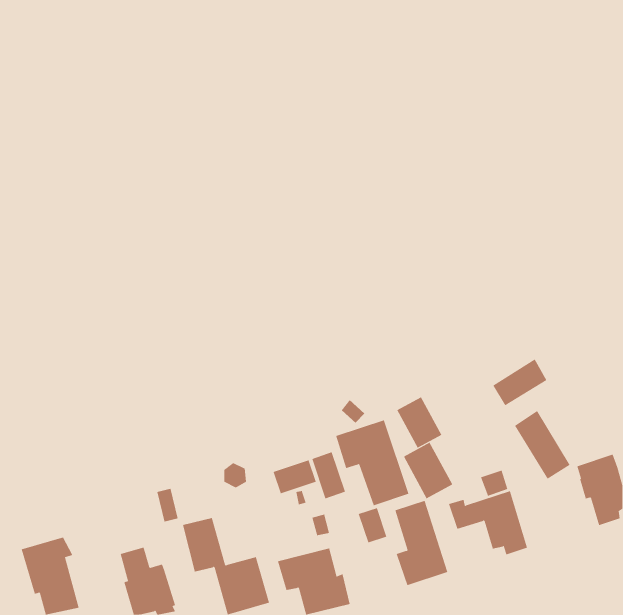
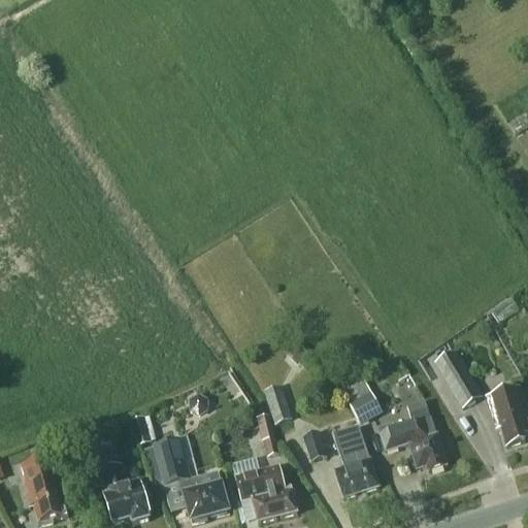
building: [493,359,547,406] -> none
building: [397,397,442,448] -> none
building: [336,419,409,506] -> none
building: [273,460,316,494] -> none

